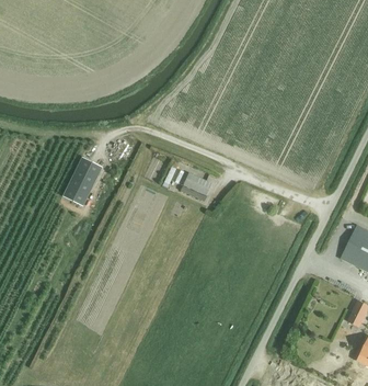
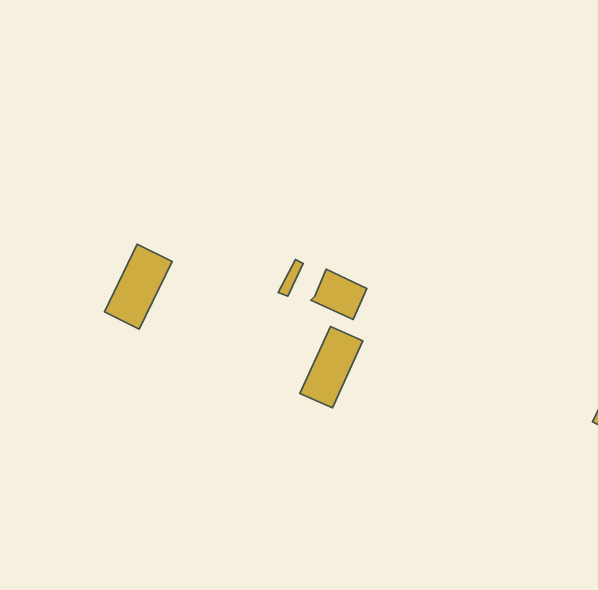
building: none -> [300,326,363,408]

